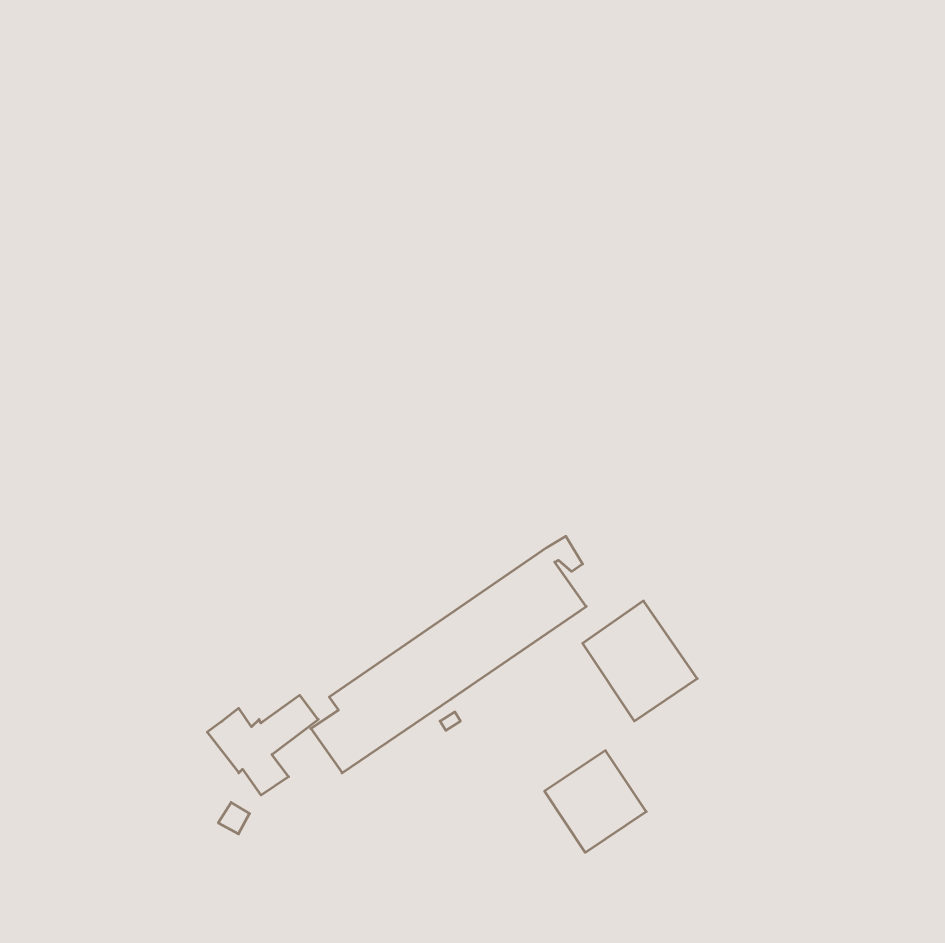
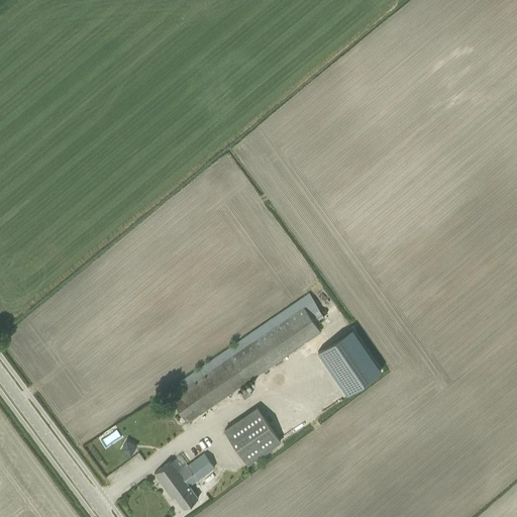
building: [207,695,318,795] -> [153,454,214,509]
building: [545,751,646,852] -> [224,409,280,464]

